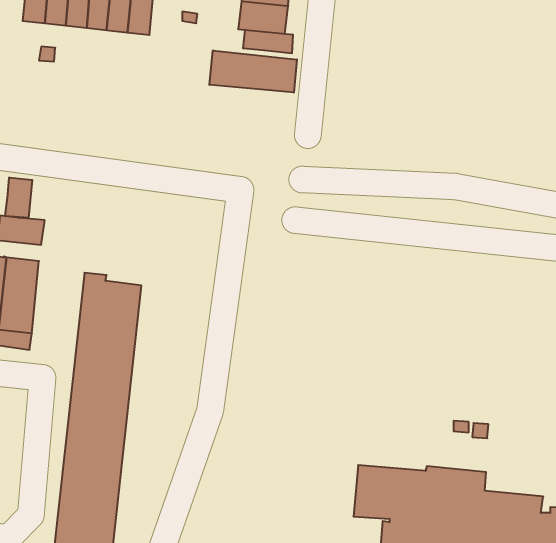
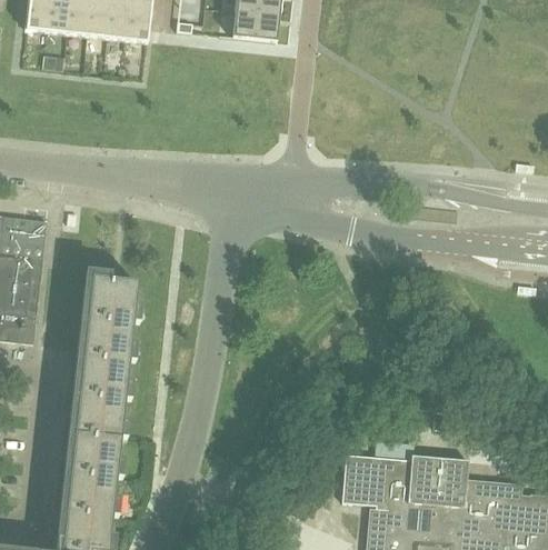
building: [243,30,293,53] -> none
building: [209,50,297,93] -> none
building: [5,177,32,218] -> none

